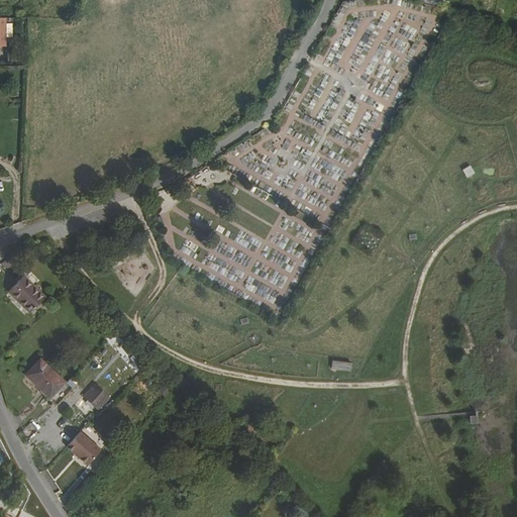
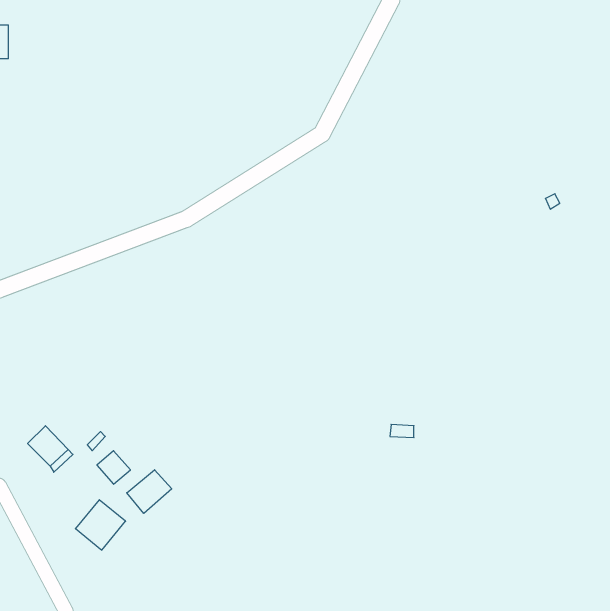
building: [10,276,46,314] -> none
building: none -> [127,470,172,513]

